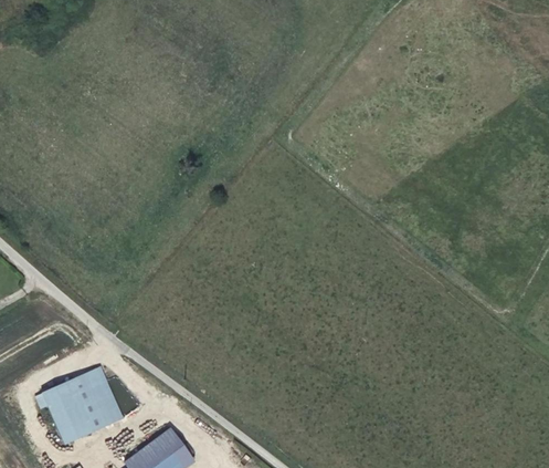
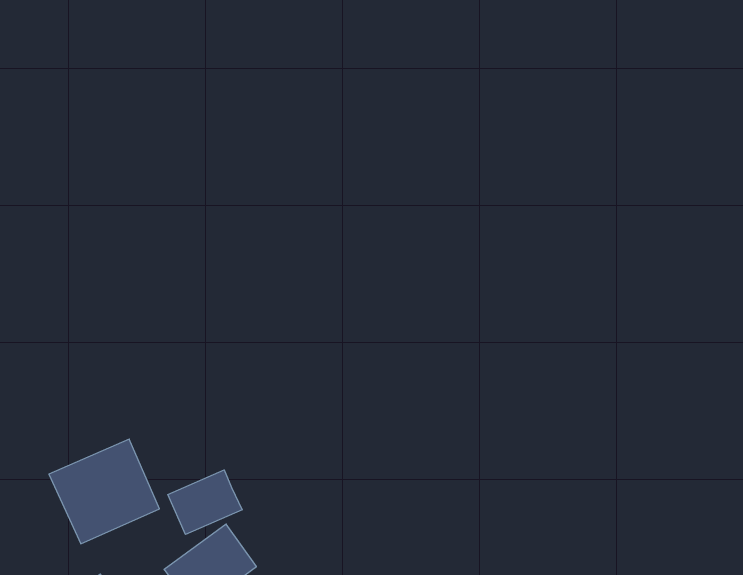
building: none -> [168,470,242,534]

